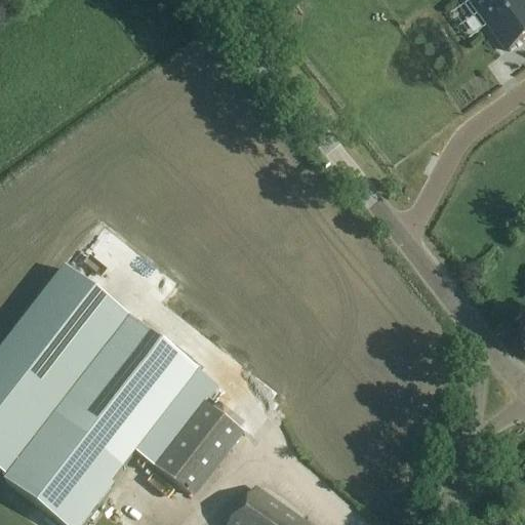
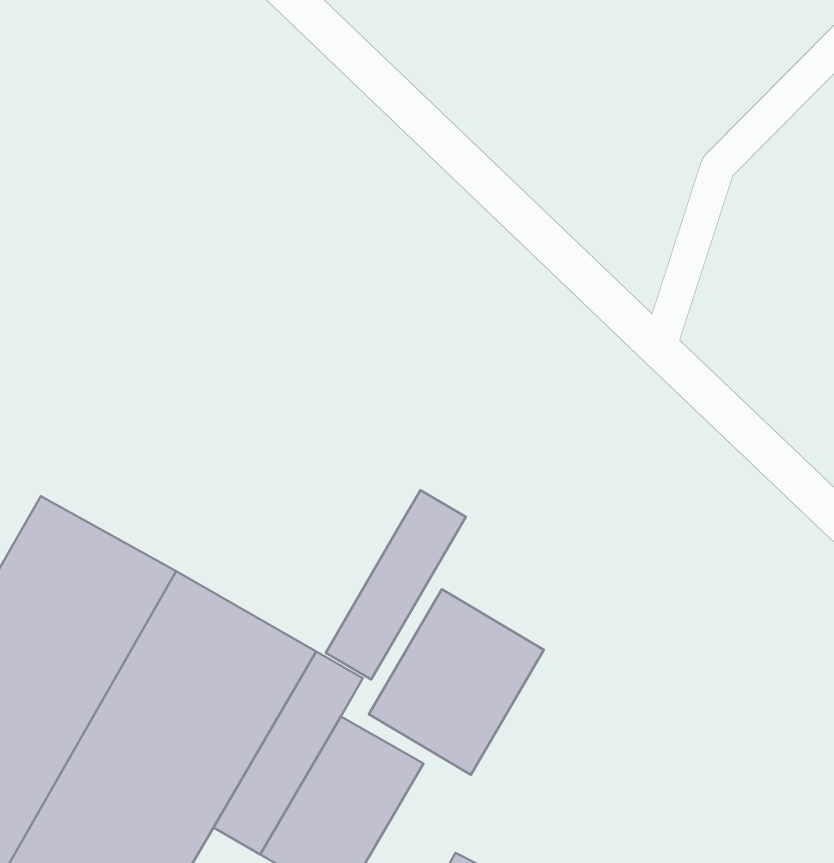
building: none -> [326,490,466,680]
building: none -> [369,589,544,775]

